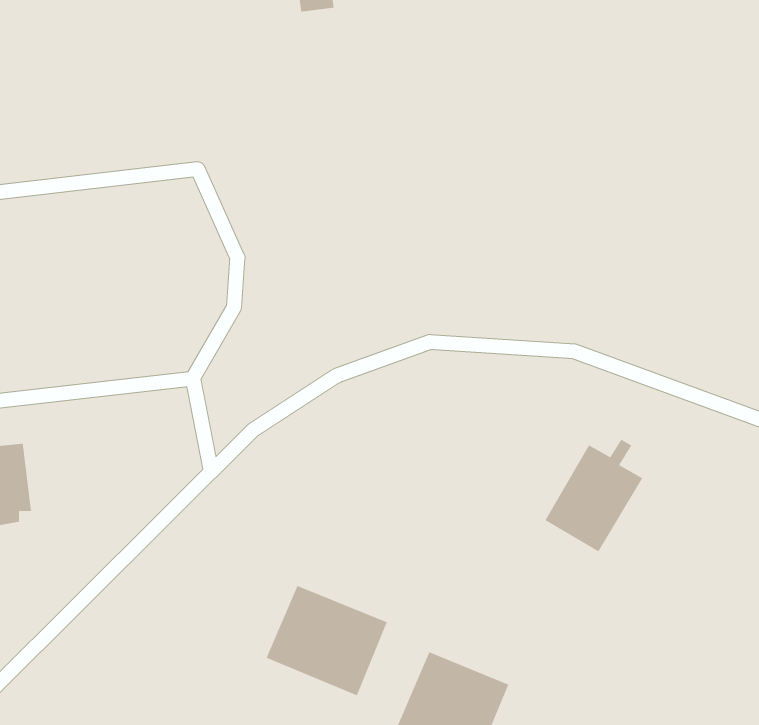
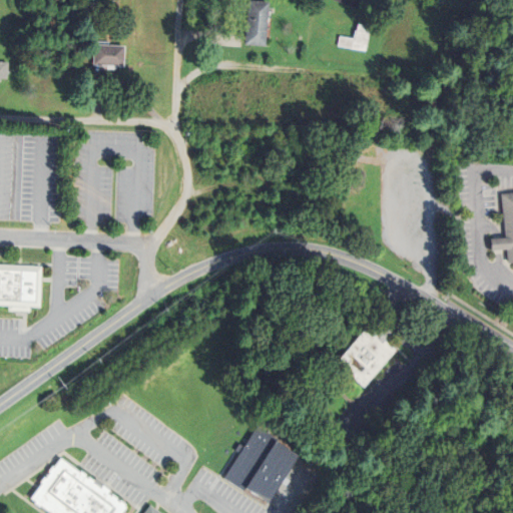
building: none -> [93,47,124,67]
building: [266,585,387,696] -> none

